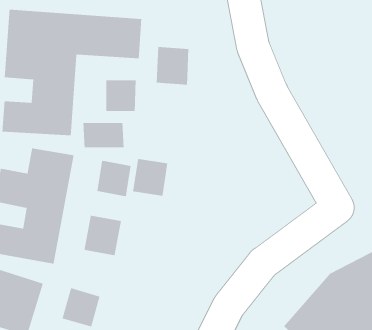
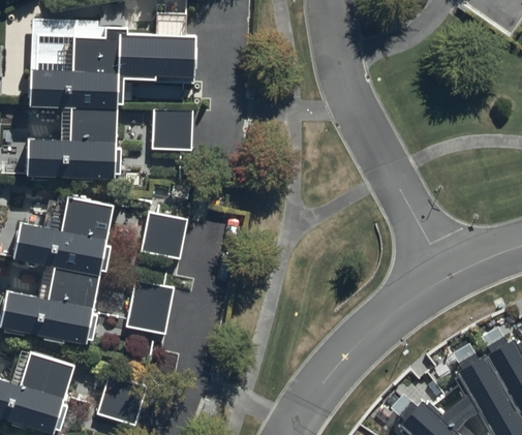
building: [156,46,189,85] -> none
building: [82,122,125,148] -> none
building: [132,158,168,197] -> none

